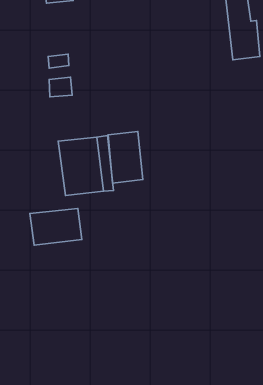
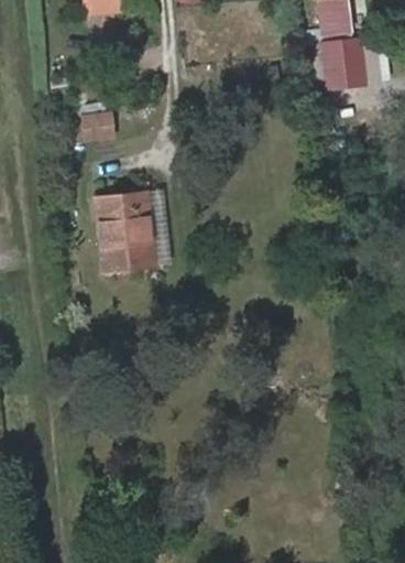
building: [108,131,143,183] -> none
building: [30,208,82,245] -> none

